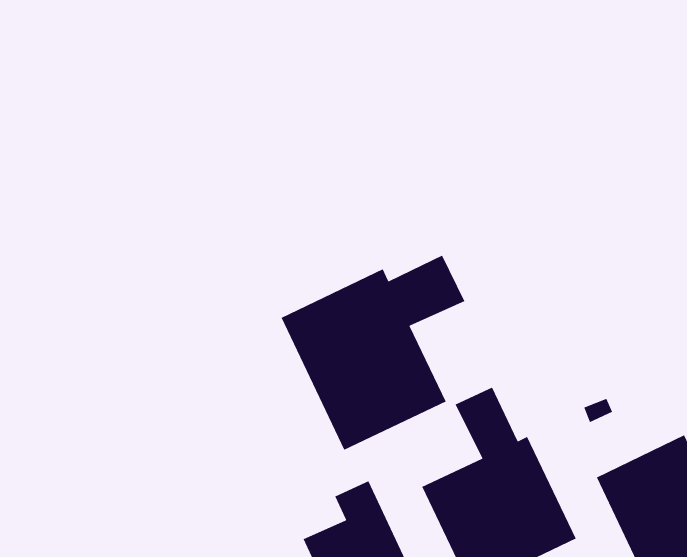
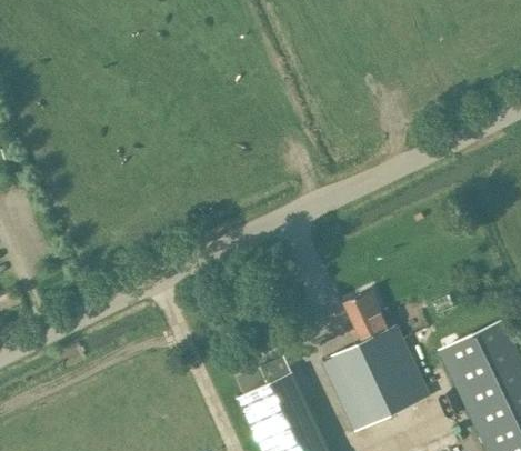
building: [280,254,466,451] -> none

